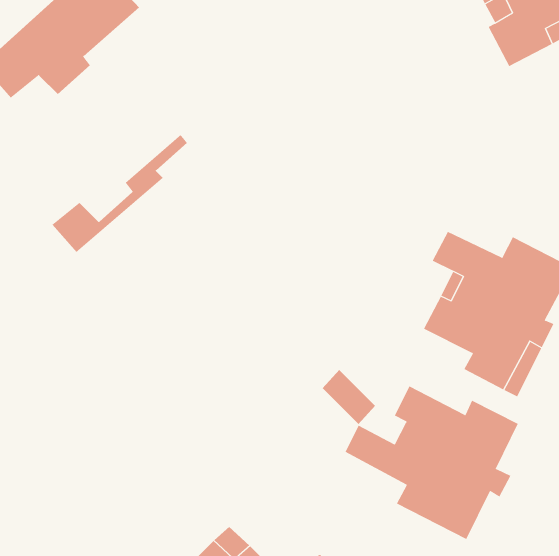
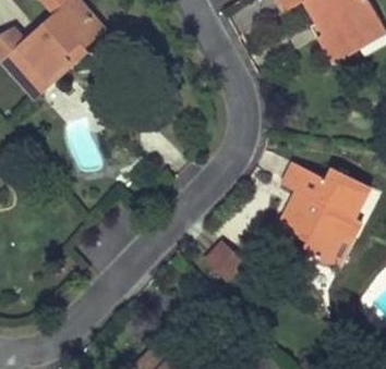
building: [52,134,188,253] -> [19,24,104,98]
building: [345,385,518,540] -> none

